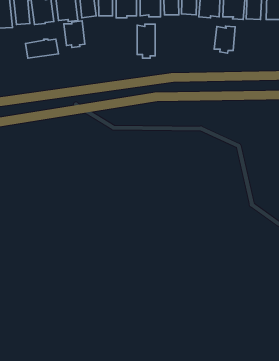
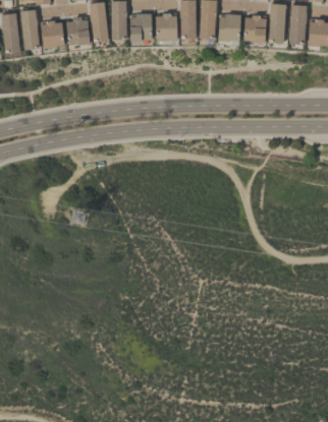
building: [64,21,85,47] -> none
building: [137,24,155,58] -> none
building: [214,26,235,53] -> none
building: [25,39,58,58] -> none

